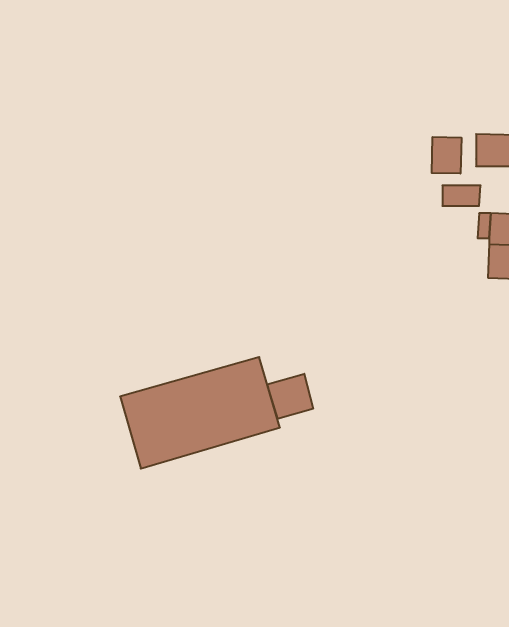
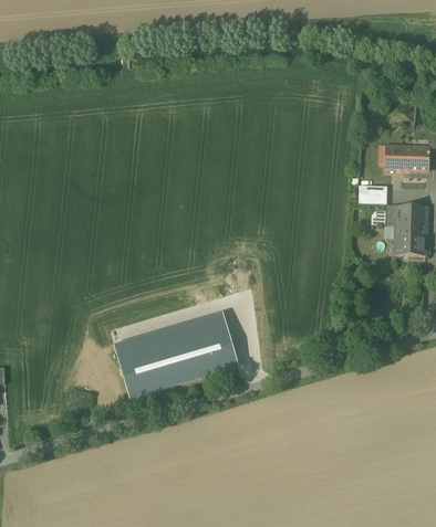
building: [432,137,461,174] -> none
building: [268,374,313,419] -> none

